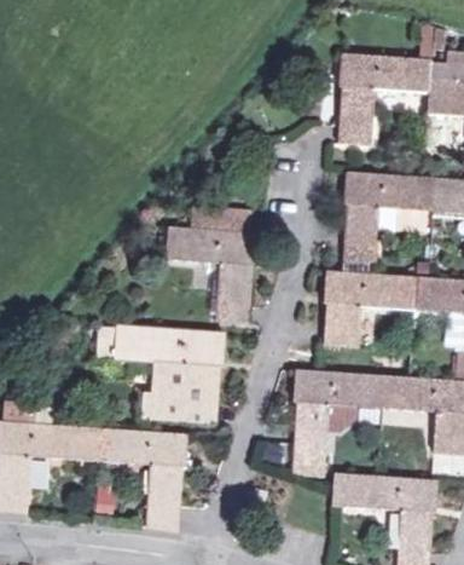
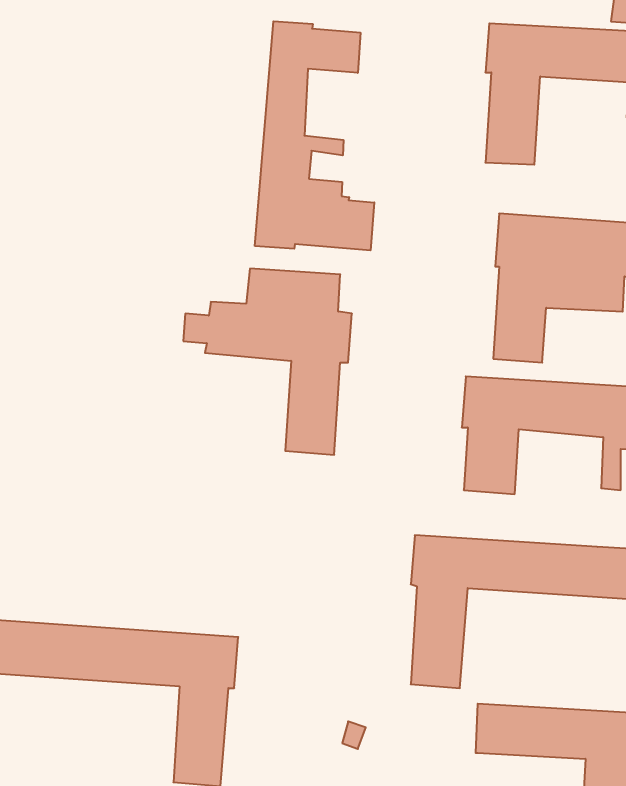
building: none -> [255,21,374,250]
building: [99,325,224,421] -> none

